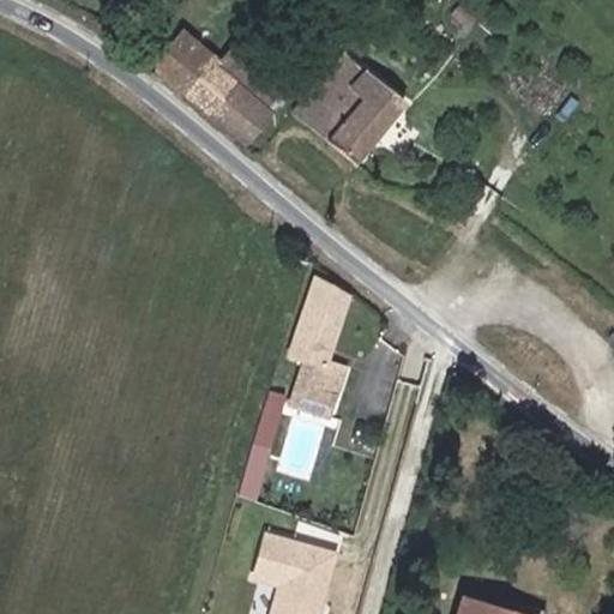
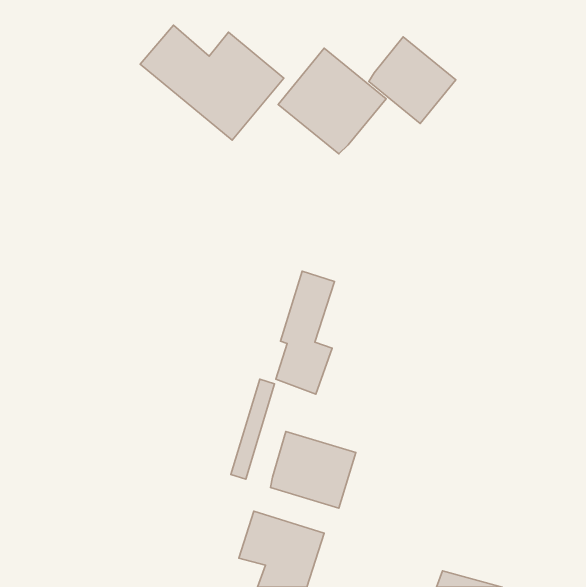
building: none -> [369,37,456,123]
building: none -> [271,431,356,508]

